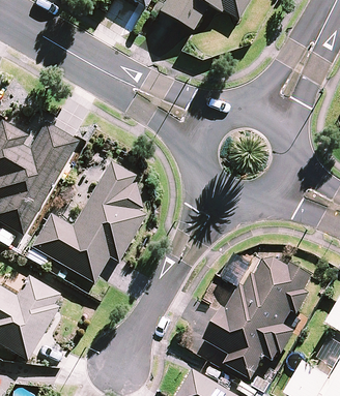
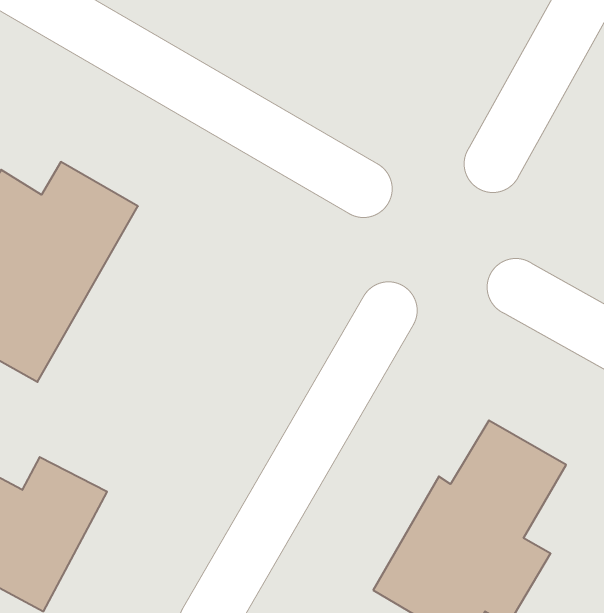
building: [31,162,146,279] -> none

